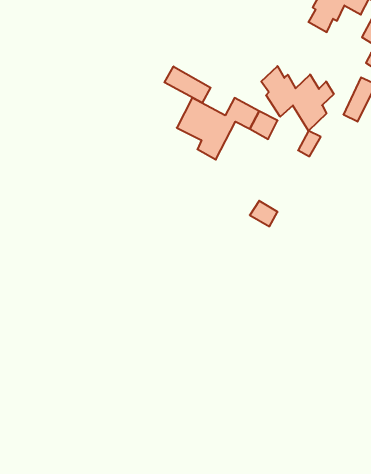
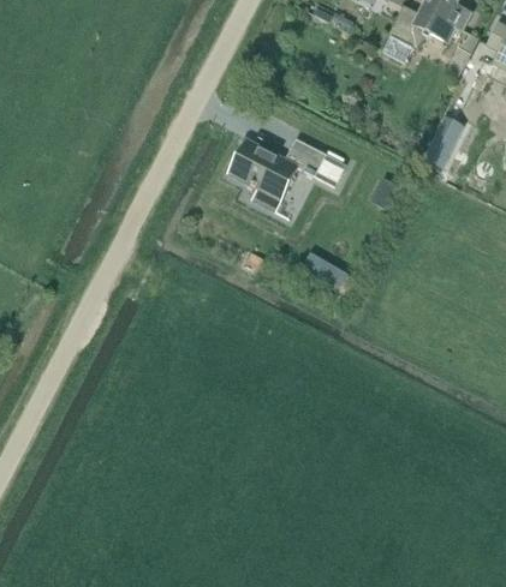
building: [261,66,334,131] -> none
building: [164,66,211,103] -> none

